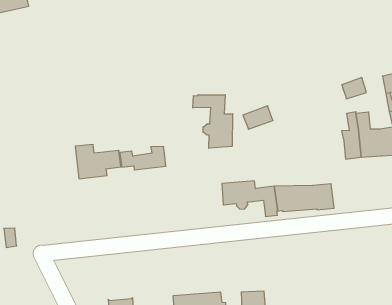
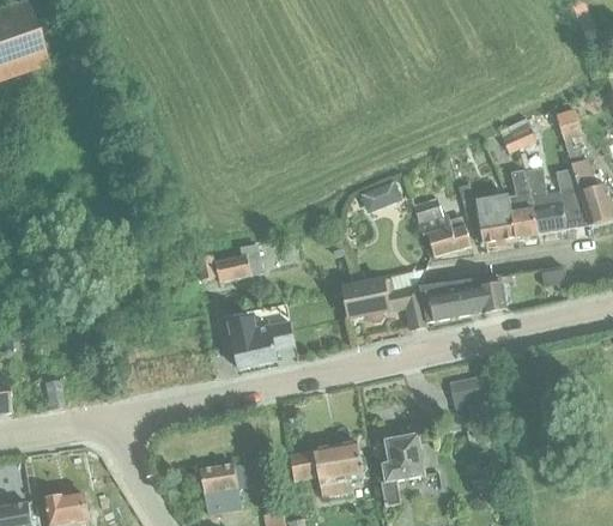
building: [193,95,233,148] -> none
building: none -> [474,189,514,242]
building: none -> [412,198,469,255]
building: [75,145,121,179] -> [226,318,293,368]
building: none -> [448,375,486,404]

